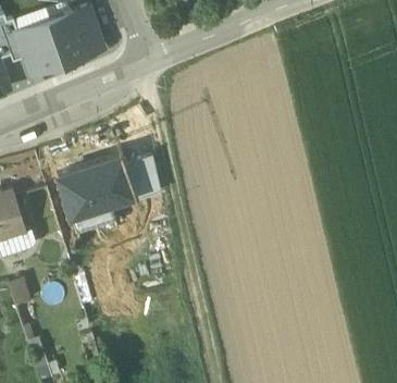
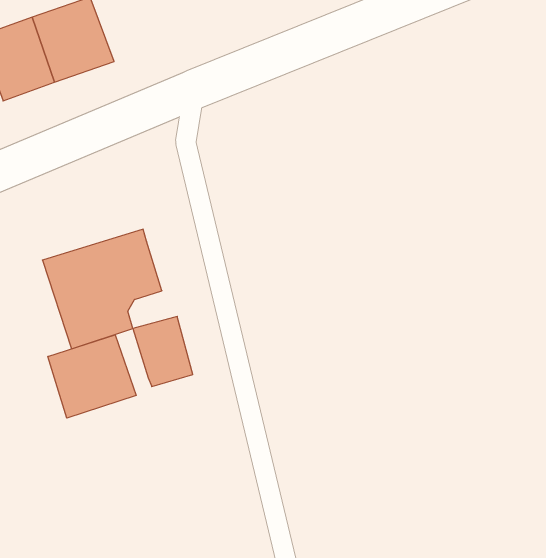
building: [123,155,161,199] -> [133,316,193,387]
building: none -> [48,335,136,418]

